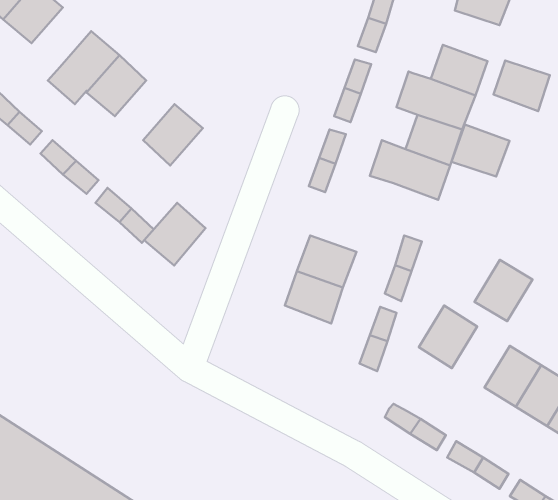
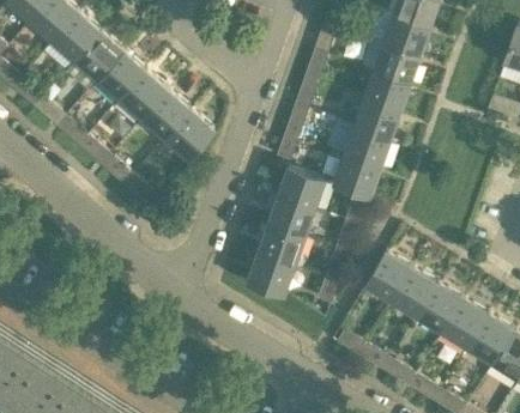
building: none -> [43,14,101,73]
building: [493,60,550,111] -> [383,17,429,57]
building: none -> [120,73,168,121]
building: [451,124,510,177] -> [333,156,380,198]
building: none -> [277,169,324,211]
building: [144,203,205,266] -> [164,111,213,162]
building: [474,260,533,321] -> [391,271,437,320]
building: none -> [246,254,294,297]

